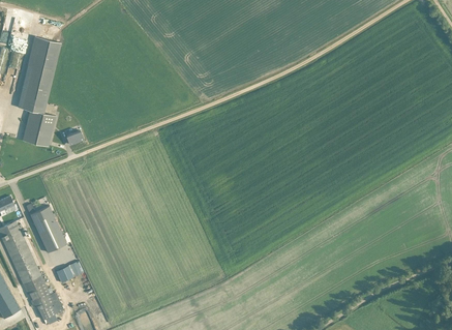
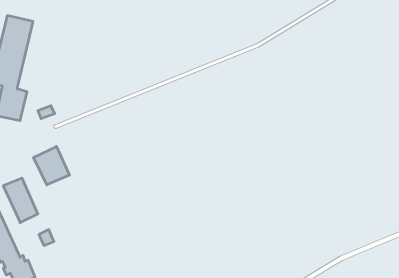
building: none -> [34,146,70,185]

